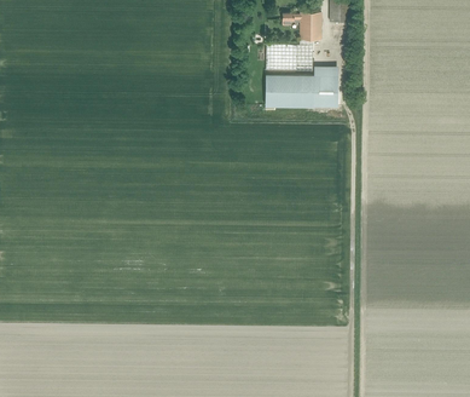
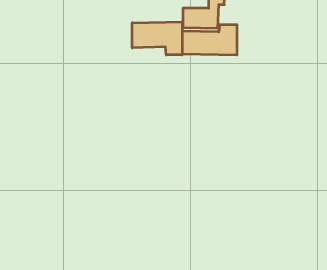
building: none -> [132,22,182,55]

